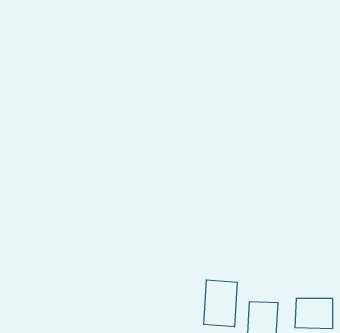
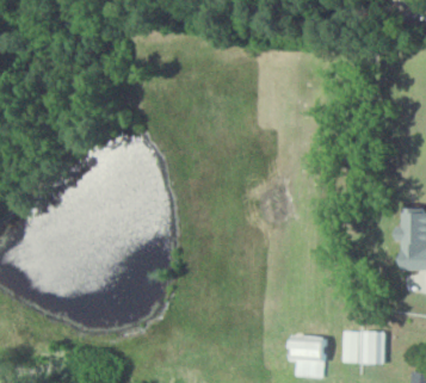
building: [204,280,237,327] -> none

